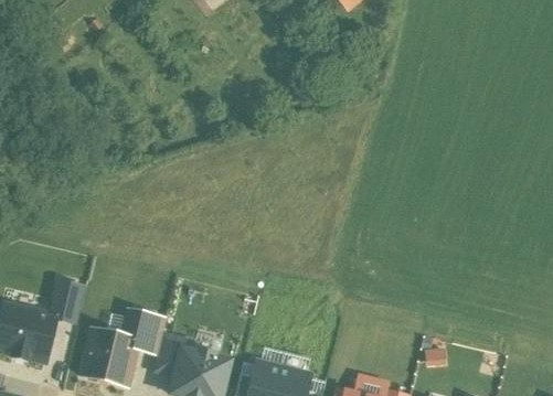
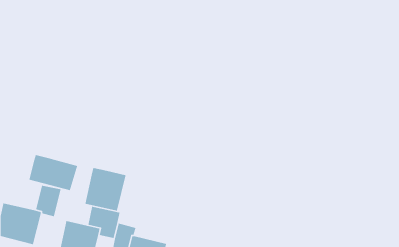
building: none -> [28,154,78,191]
building: none -> [84,167,126,212]

